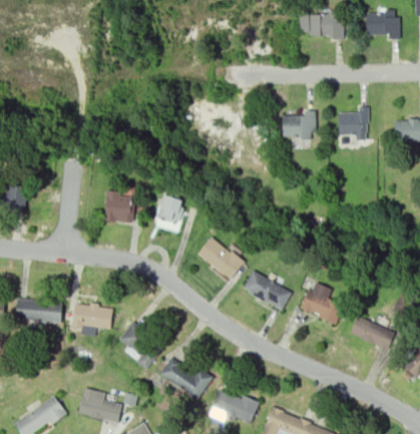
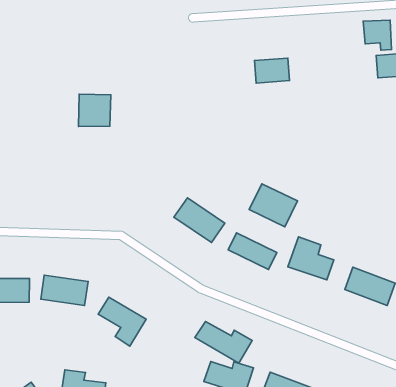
building: [341,112,366,140] -> [363,20,391,50]
building: [103,190,135,223] -> [79,94,111,127]
building: [157,194,183,222] -> none
building: none -> [249,184,297,227]
building: [158,358,212,399] -> [195,322,252,363]

